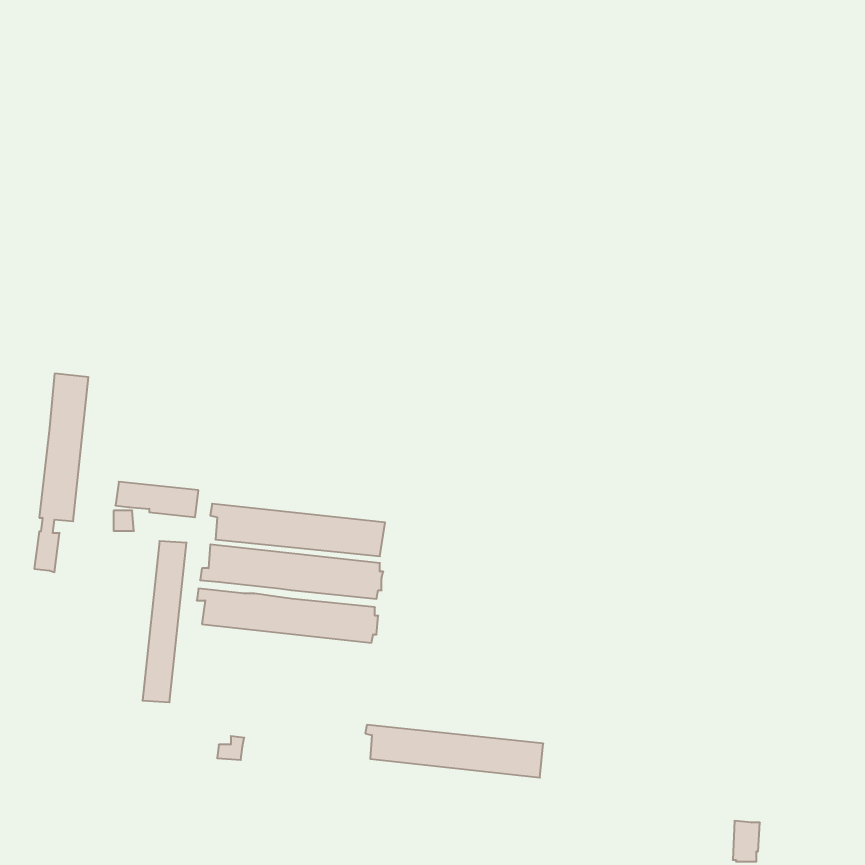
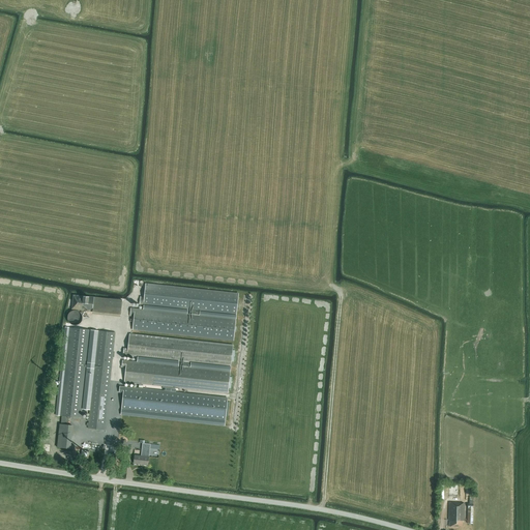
building: [34,374,88,572] -> [56,327,89,448]
building: none -> [138,283,237,314]
building: [365,725,543,778] -> [118,386,227,418]

